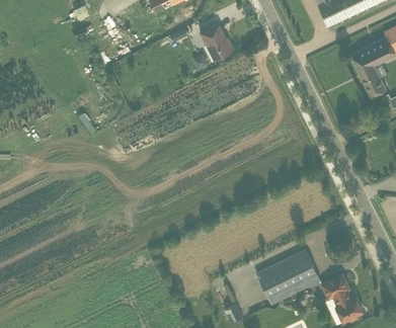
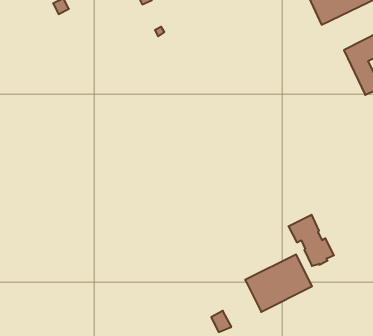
building: [200,22,234,61] -> none
building: [320,272,364,321] -> [288,215,334,266]

